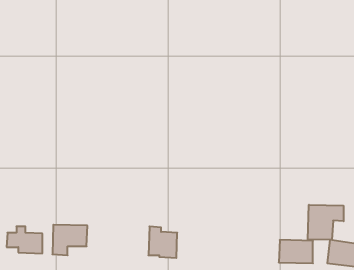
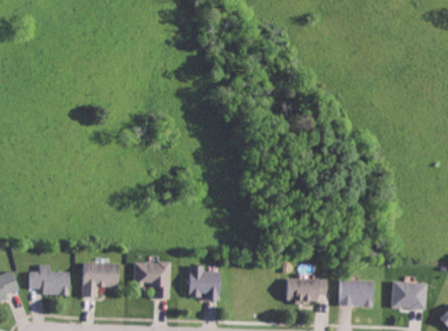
building: [308,205,344,240] -> none
building: none -> [132,261,170,298]
building: none -> [283,277,327,302]

